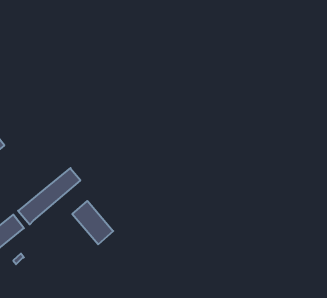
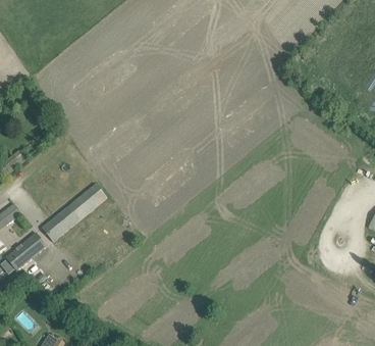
building: [72,201,113,244] -> none

